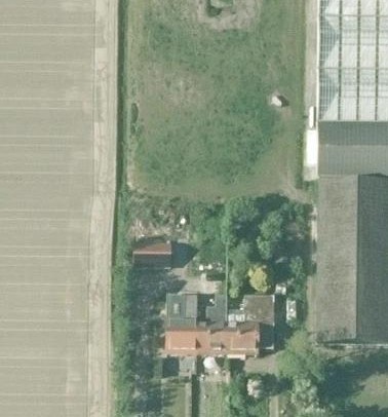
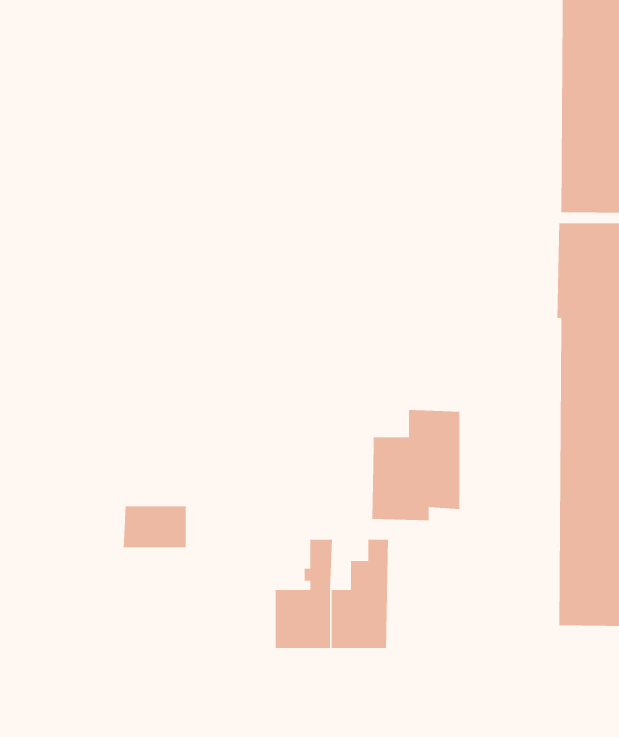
building: [133,242,167,265] -> [123,506,187,548]
building: [226,294,273,353] -> [371,409,460,521]

